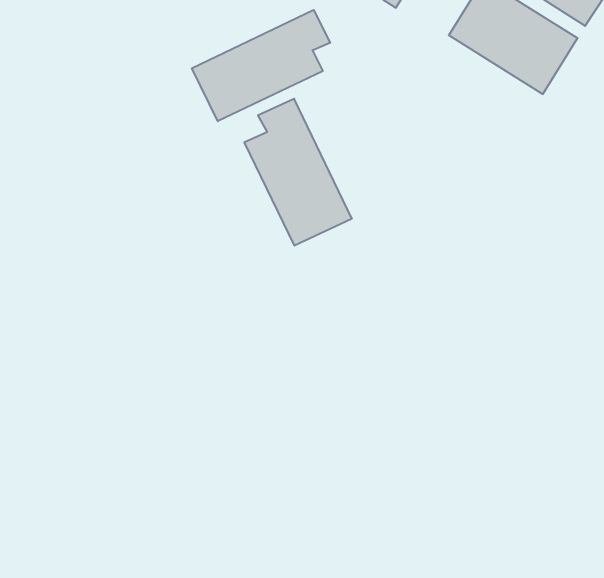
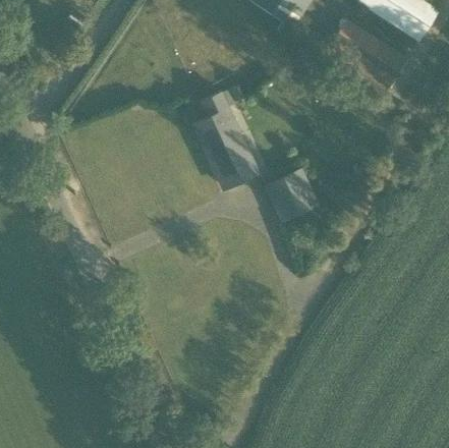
building: [192,10,330,121] -> none
building: none -> [264,163,323,222]

